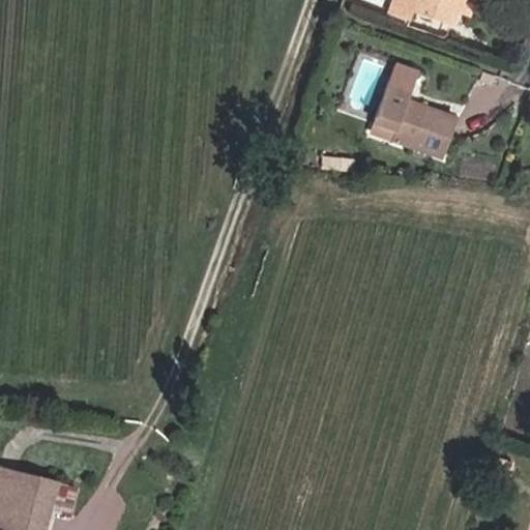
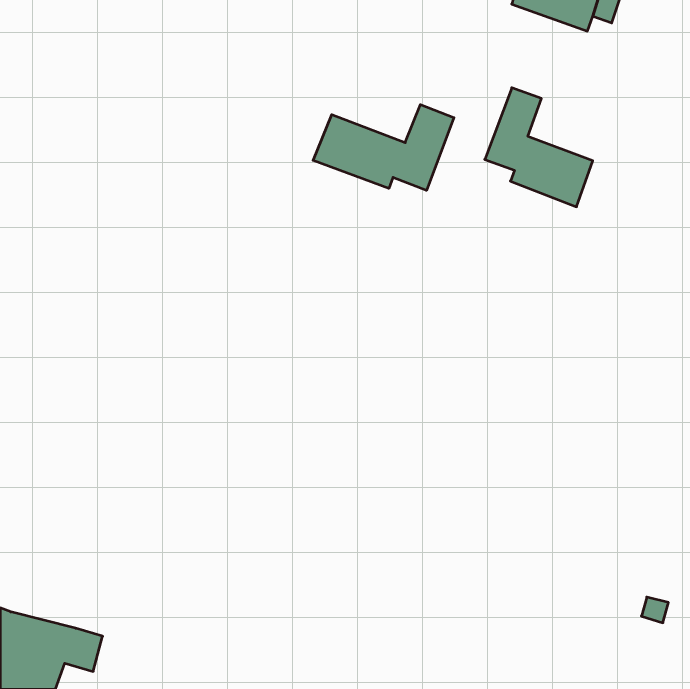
building: none -> [313,105,454,190]

